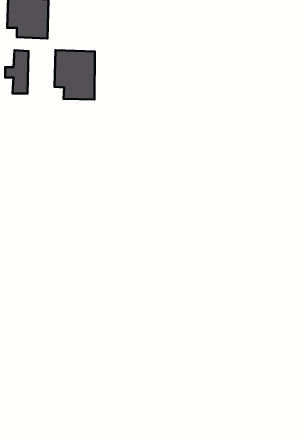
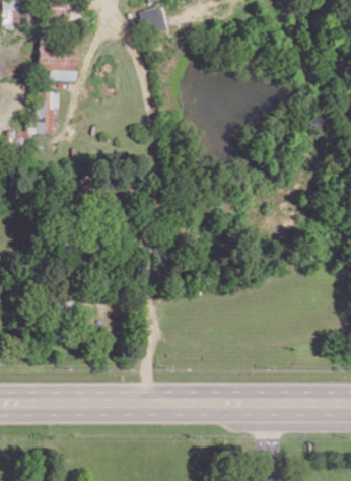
building: [55,50,95,100] -> none

